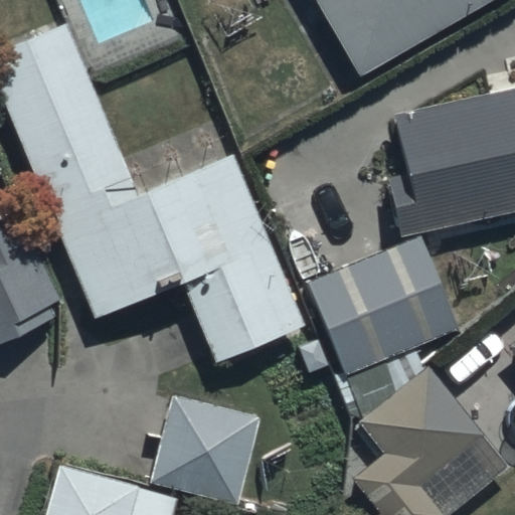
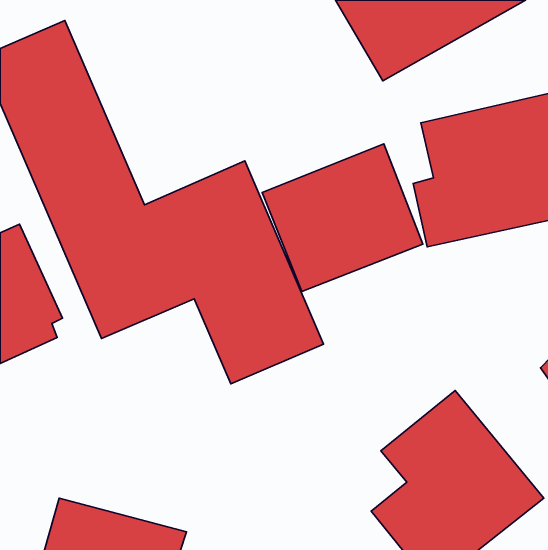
building: [307,237,457,375] -> [262,144,423,292]
building: [150,394,262,505] -> none

